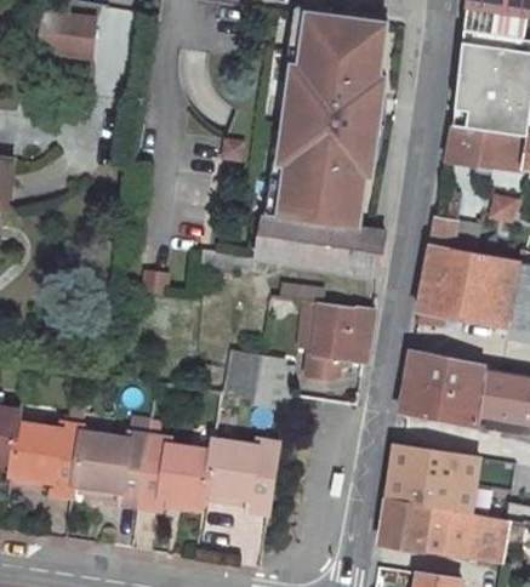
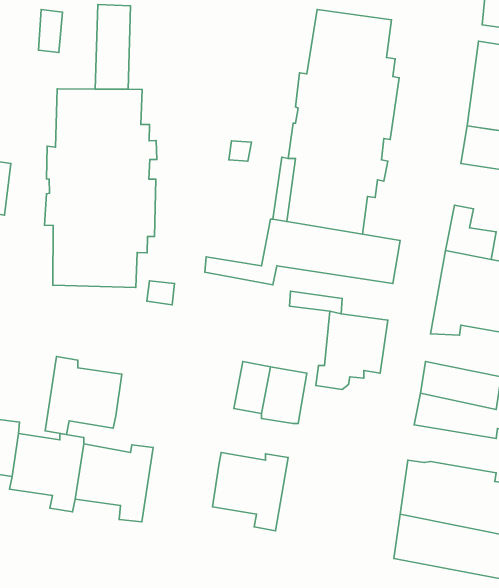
building: [57,15,91,56] -> none
building: none -> [44,89,157,288]
building: [137,433,211,508] -> [45,356,122,435]

